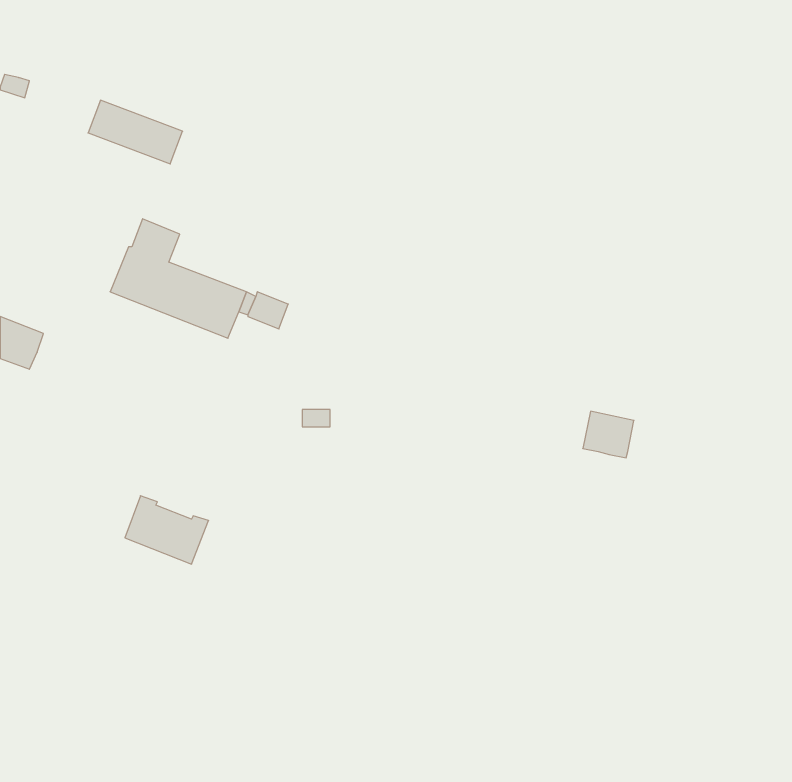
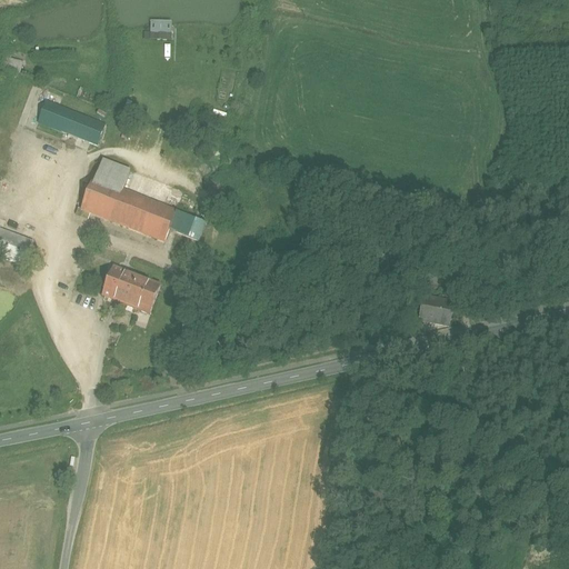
building: [88,100,183,164] -> [38,97,106,142]
building: [125,496,209,564] -> [100,264,160,313]

